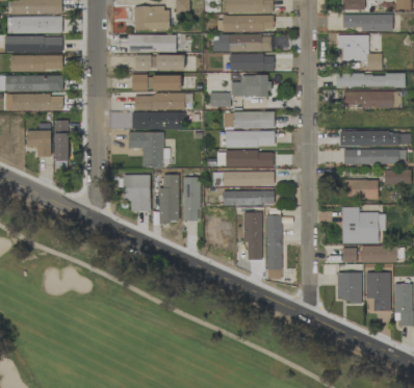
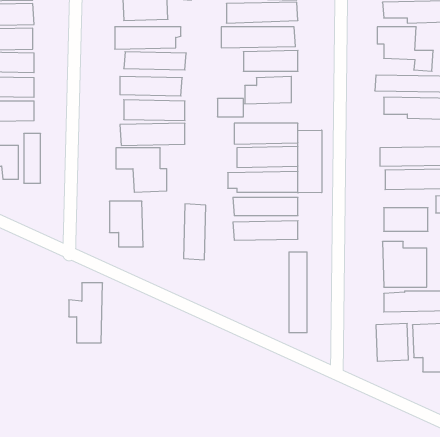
building: none -> [298,130,322,193]
building: [153,174,180,222] -> [69,283,103,343]
building: [243,211,263,259] -> none

